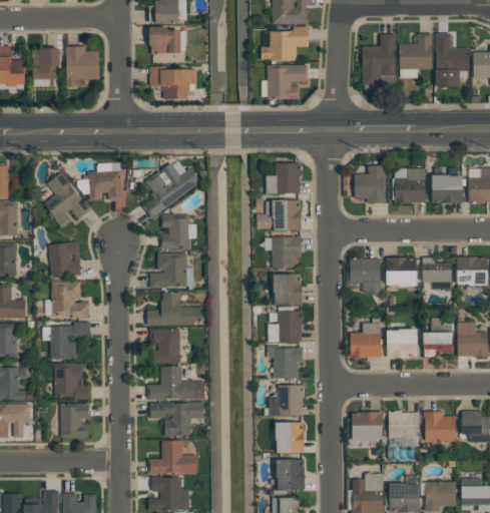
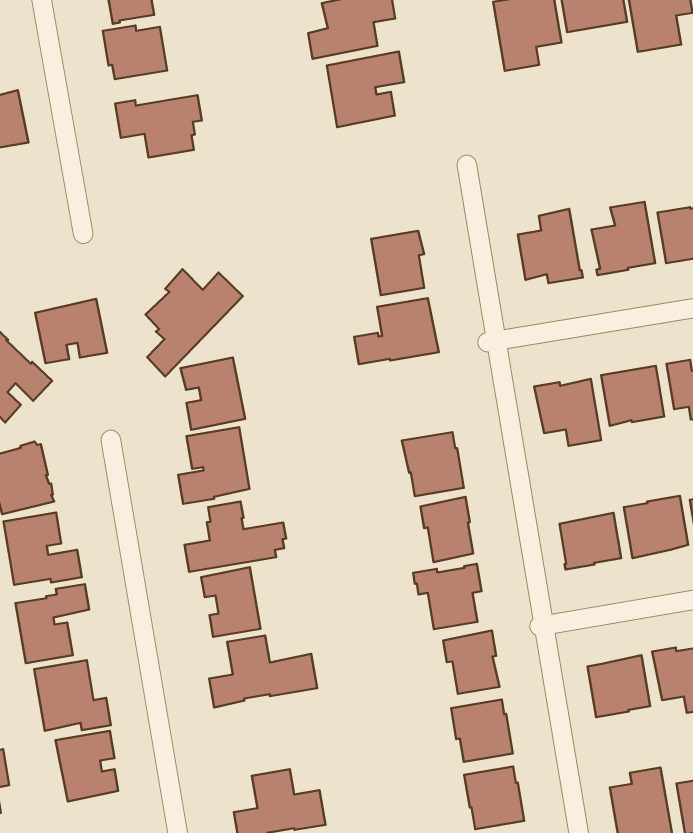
building: [272,235,301,269] -> none
building: [149,402,203,437] -> none

